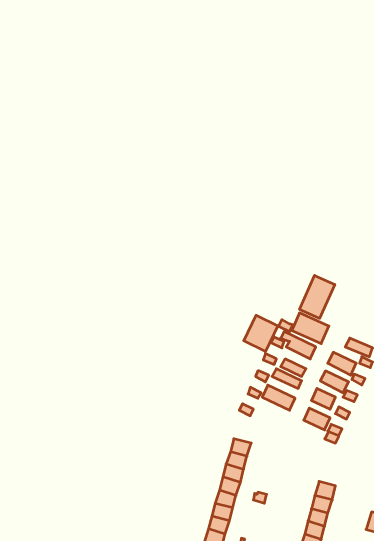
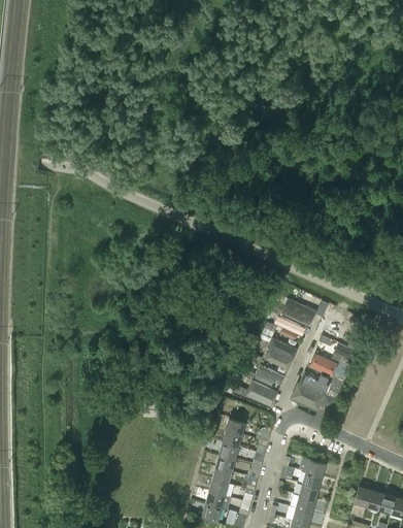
building: [300,275,335,318] -> none
building: [244,315,278,351] -> none
building: none -> [248,384,279,408]

